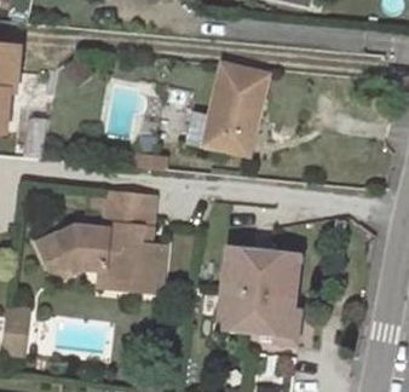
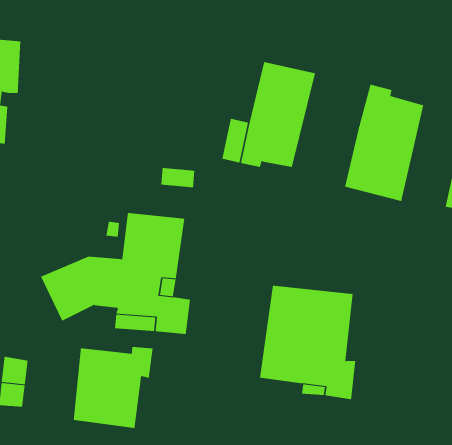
building: none -> [344,84,424,202]
building: none -> [73,346,153,429]

